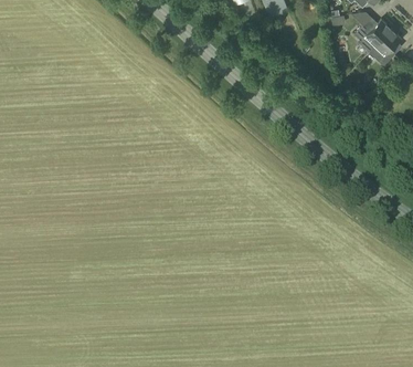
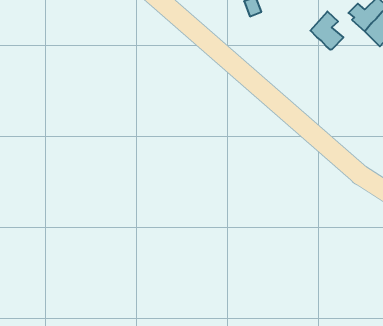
building: none -> [310,11,343,50]

